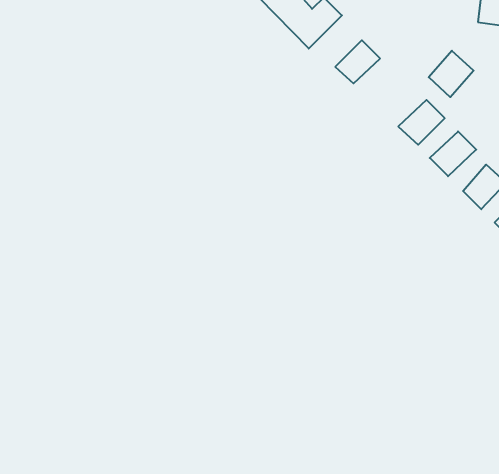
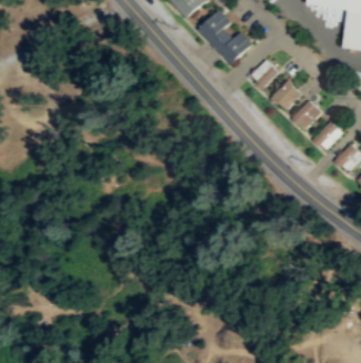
building: [429,51,474,97] -> [270,80,300,111]

